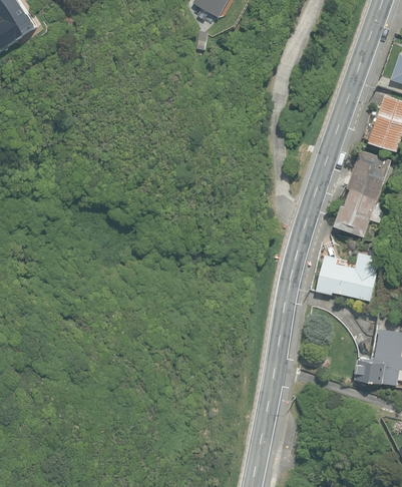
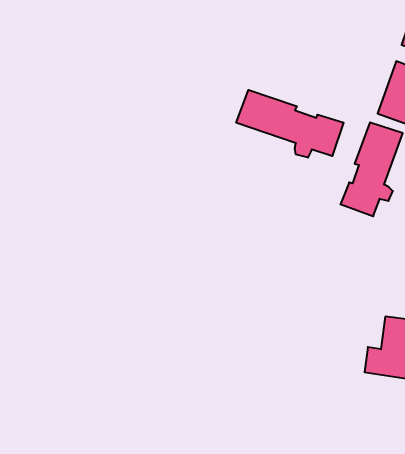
building: none -> [236,90,344,158]
building: [316,252,379,302] -> none

